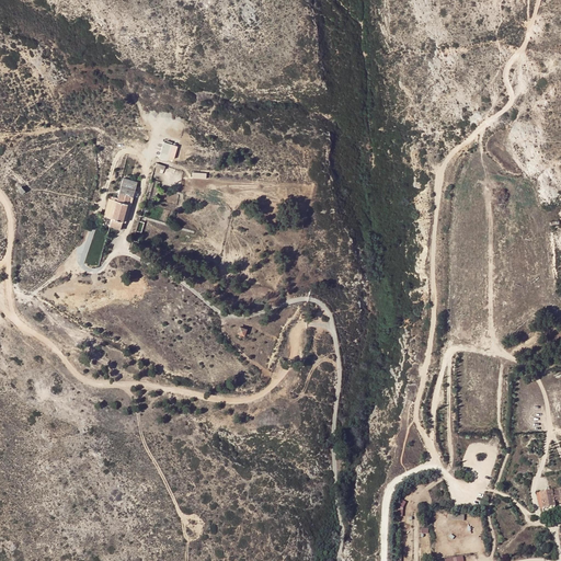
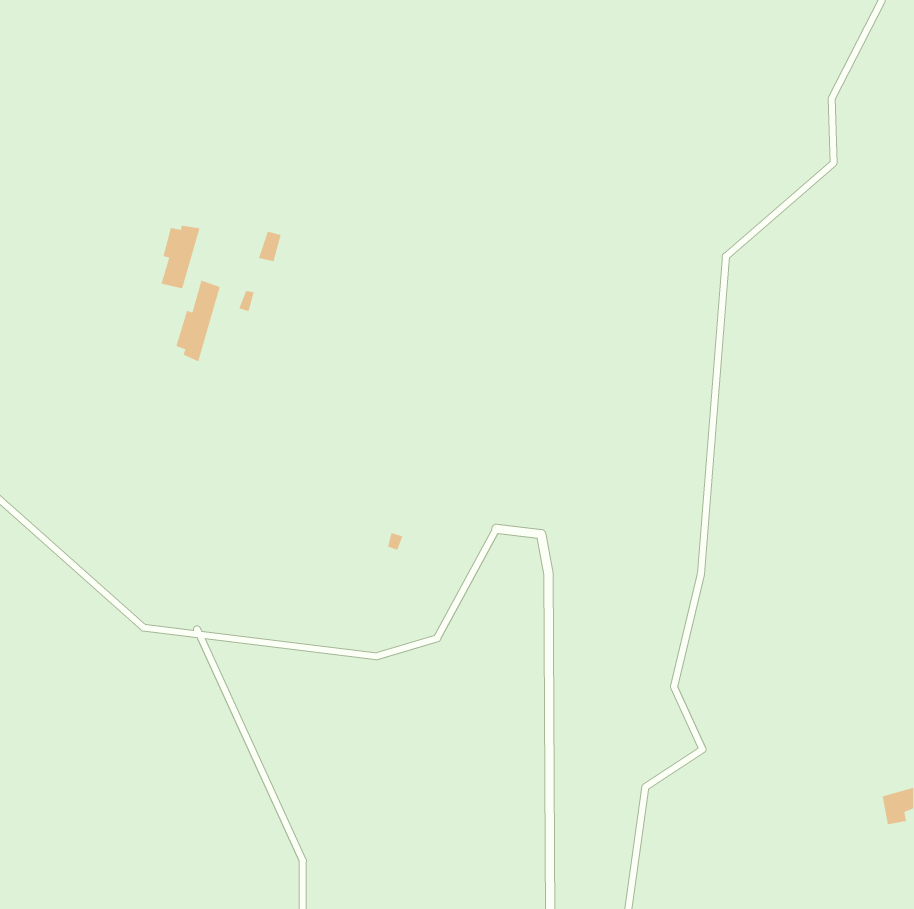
building: none -> [161,225,200,289]

